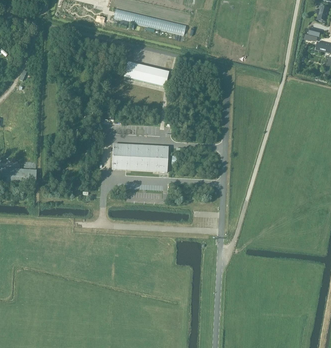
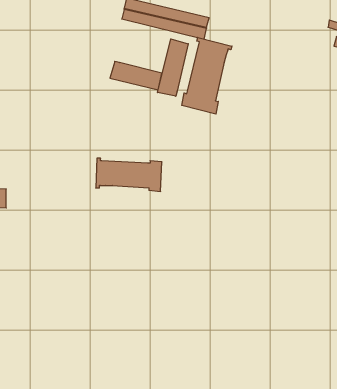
building: none -> [182,37,232,114]
building: none -> [158,39,188,96]

